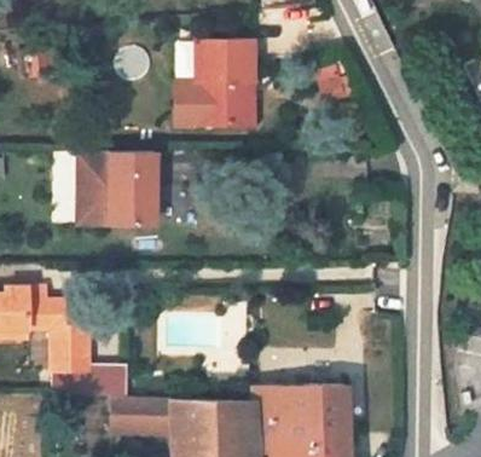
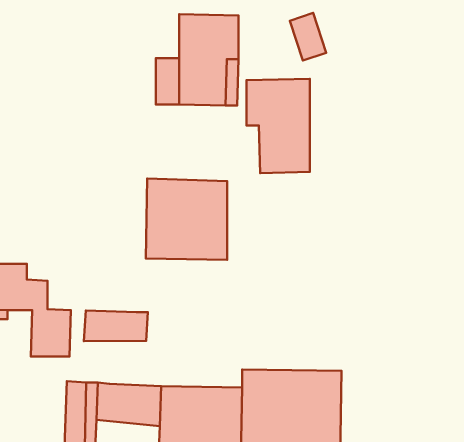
building: none -> [247,79,310,173]
building: [73,155,149,231] -> [146,179,227,260]
building: none -> [84,310,148,341]

